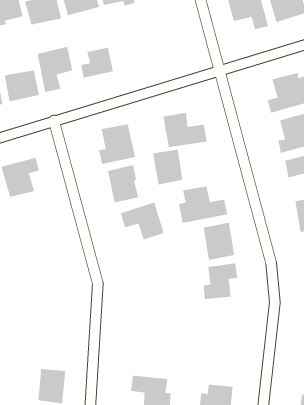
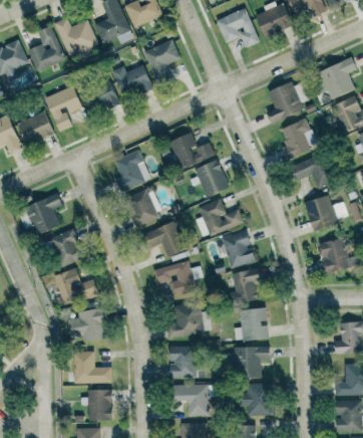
building: none -> [143,39,179,84]
building: none -> [111,64,152,99]
building: [152,149,183,185] -> [196,161,228,197]
building: none -> [51,229,81,266]
building: none -> [54,268,98,305]
building: none -> [153,260,196,296]
building: none -> [67,307,107,342]
building: none -> [168,303,212,337]
building: none -> [241,308,268,341]
building: none -> [73,352,112,383]
building: none -> [168,346,194,378]
building: none -> [234,347,270,378]

